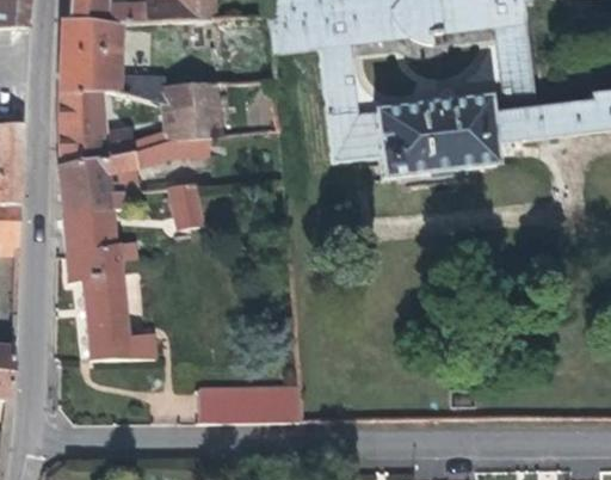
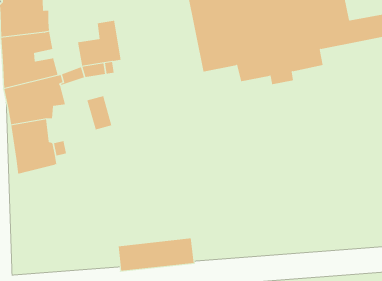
building: [126,76,192,107] -> none
building: [80,272,155,358] -> none

